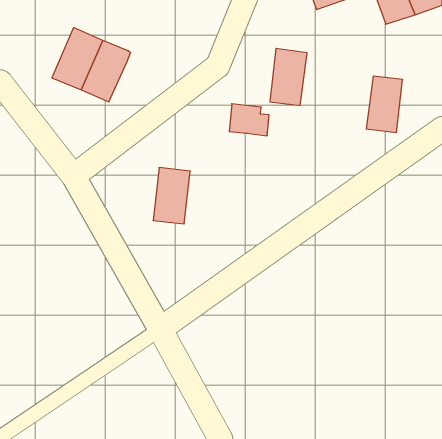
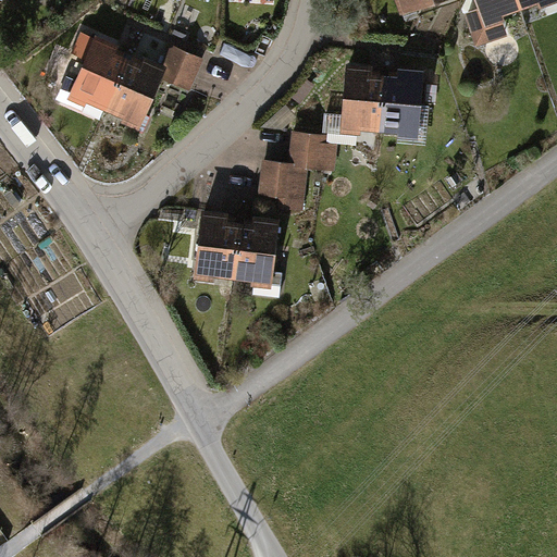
building: none -> [160,44,206,91]
building: [366,76,403,132] -> [377,66,423,137]
building: none -> [258,162,310,210]
building: none -> [232,215,277,286]

